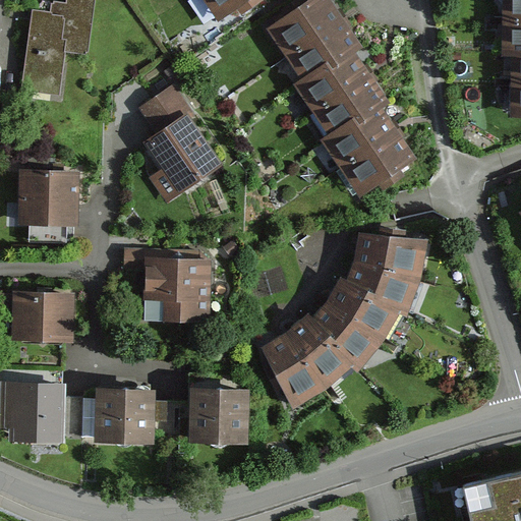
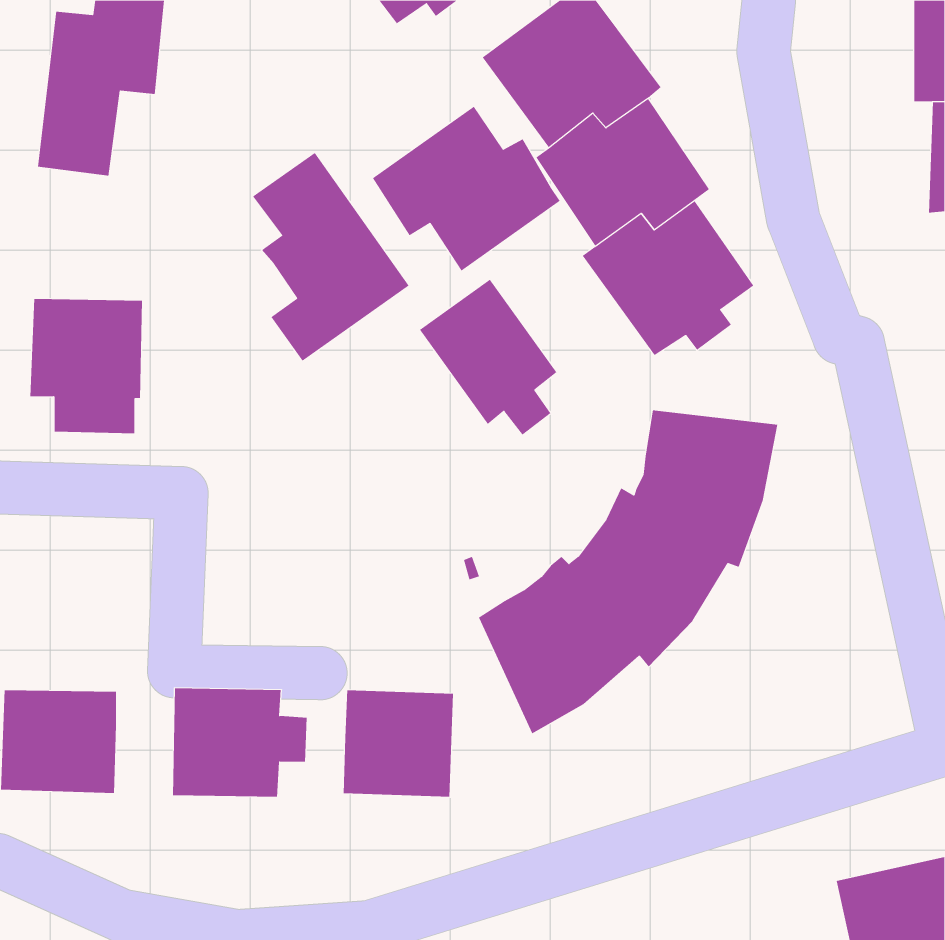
building: none -> [372,106,560,272]
building: none -> [419,279,557,435]
building: [124,248,210,323] -> none
building: [12,290,74,340] -> none

